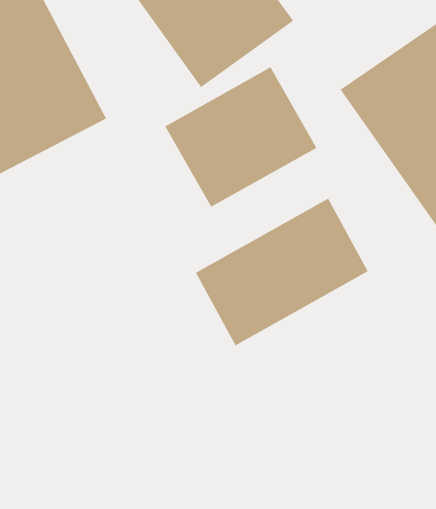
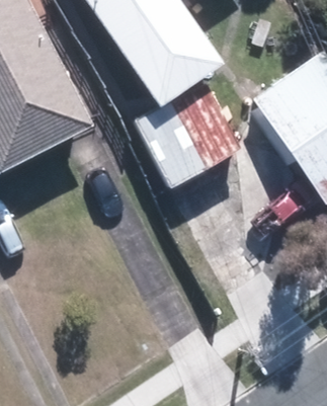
building: [195,197,369,347] -> none

